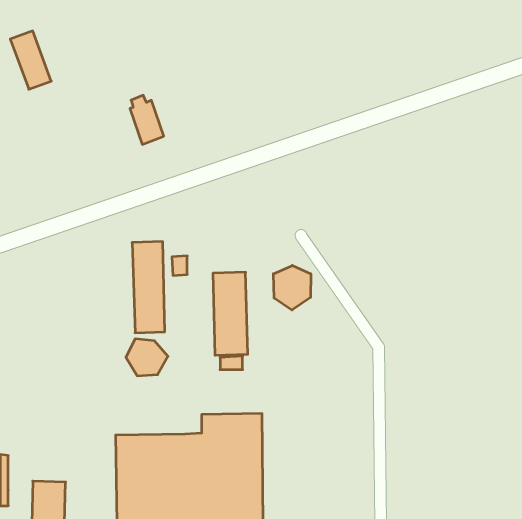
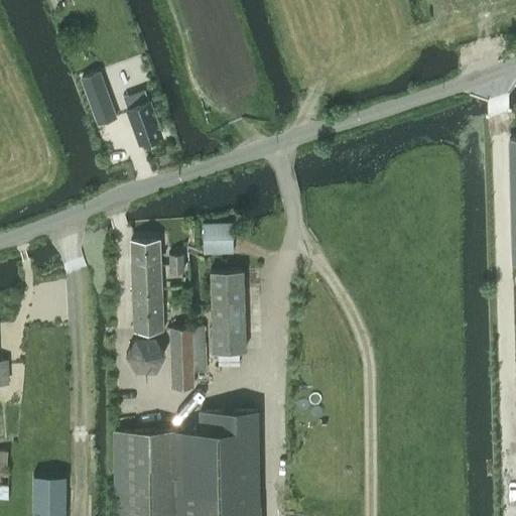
building: [10,31,51,89] -> [80,76,120,133]
building: none -> [203,226,234,256]
building: [273,265,311,310] -> none
building: none -> [171,328,207,390]

